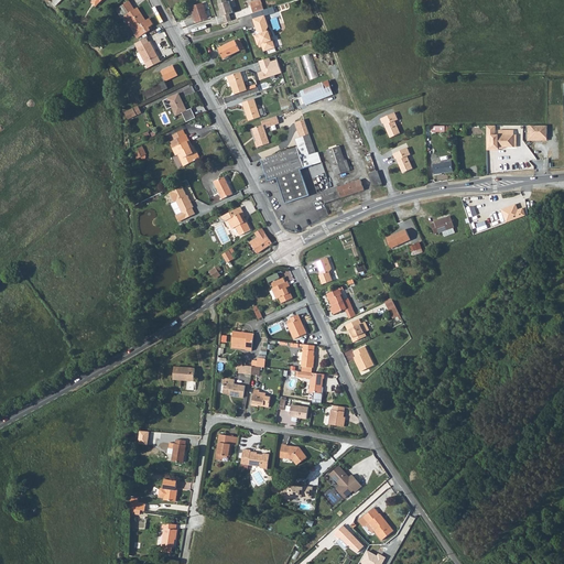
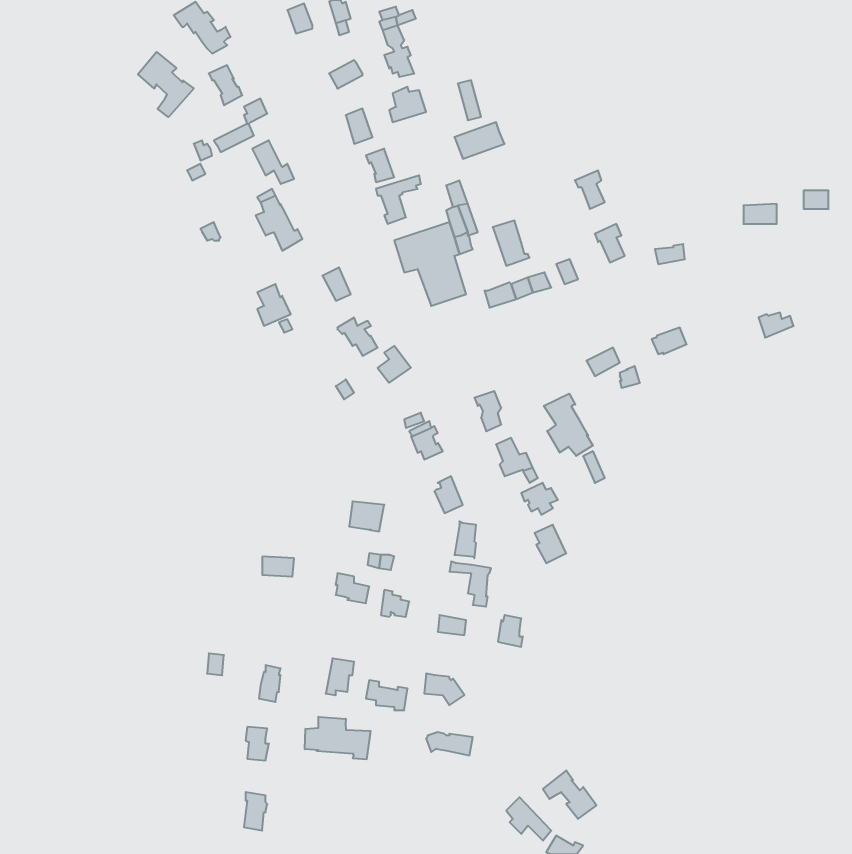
building: none -> [138,52,194,117]
building: none -> [544,394,593,456]
building: [328,465,361,498] -> none
building: none -> [305,717,371,759]

